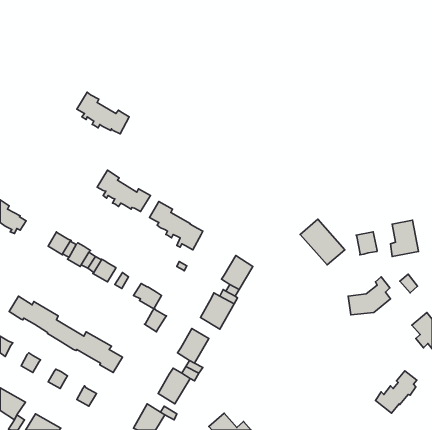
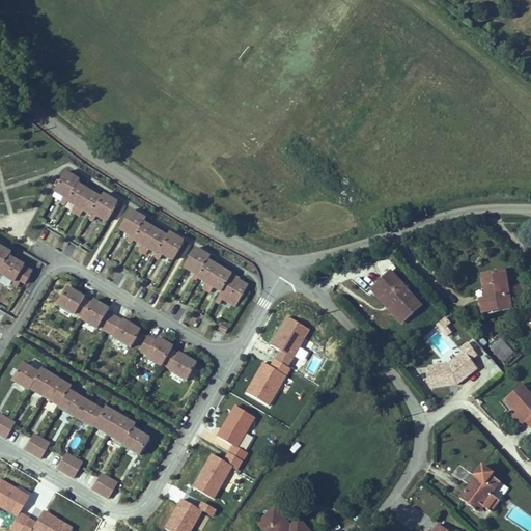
building: [77,92,129,134] -> [54,171,118,222]
building: [356,232,377,255] -> none
building: [145,309,167,332] -> [148,336,175,364]

